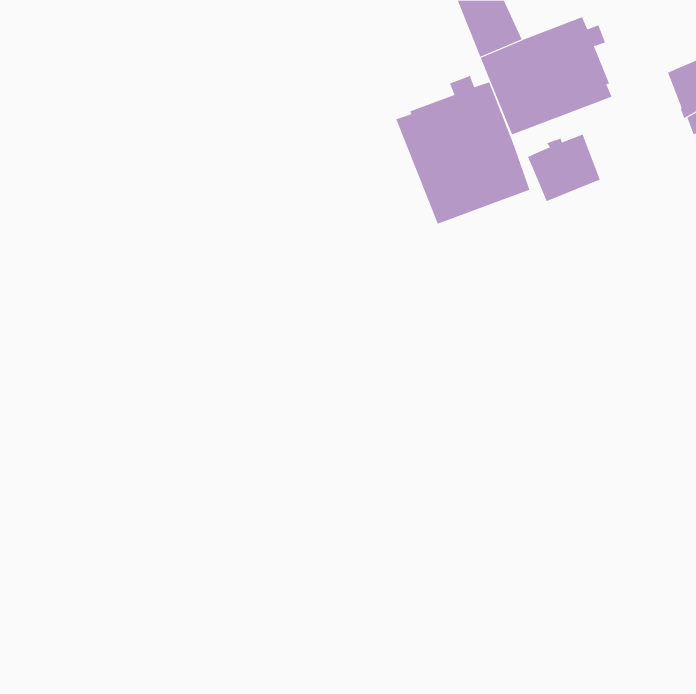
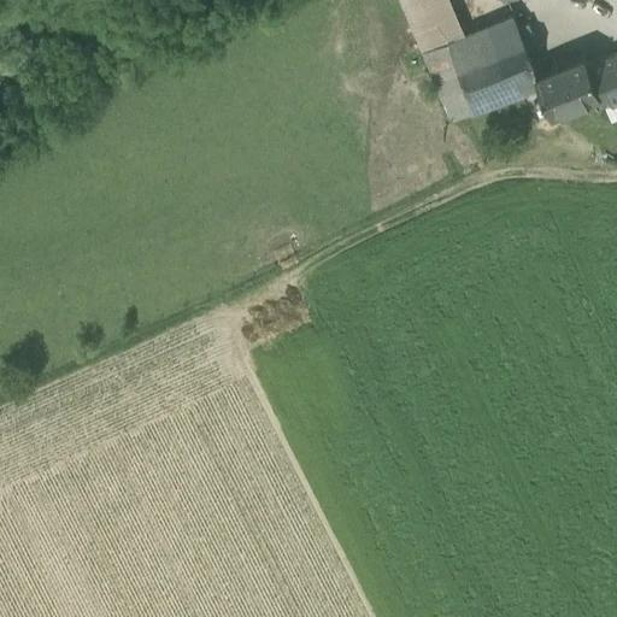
building: [396,75,530,224] -> none
building: [527,134,601,202] -> [537,58,603,118]

